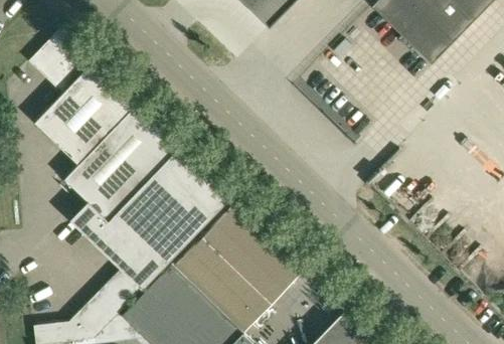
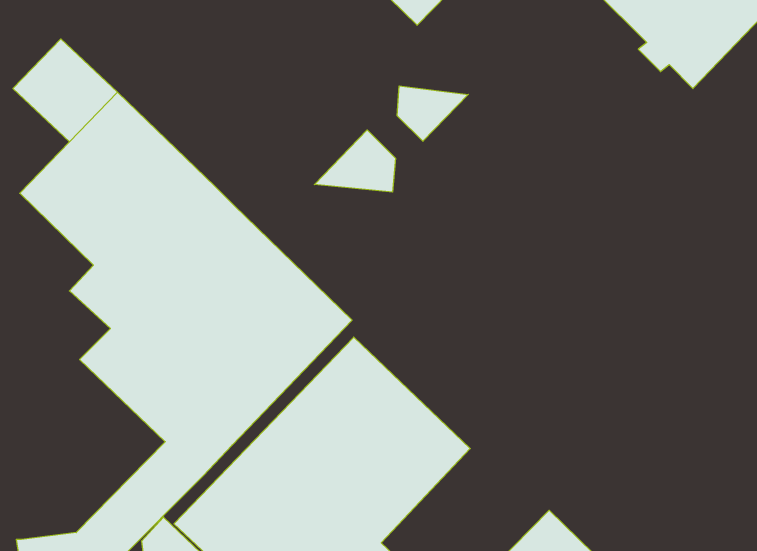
building: none -> [397,86,468,141]
building: none -> [314,130,396,192]

